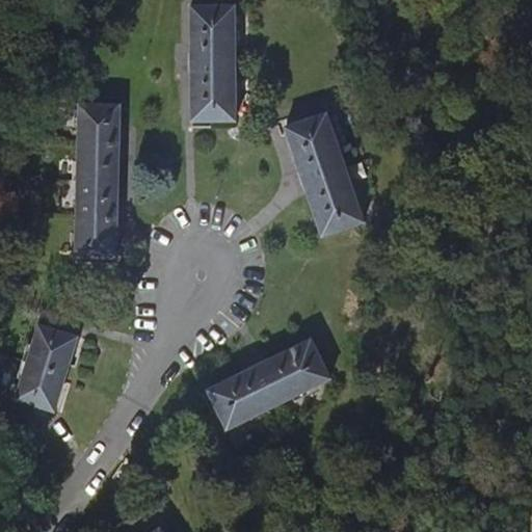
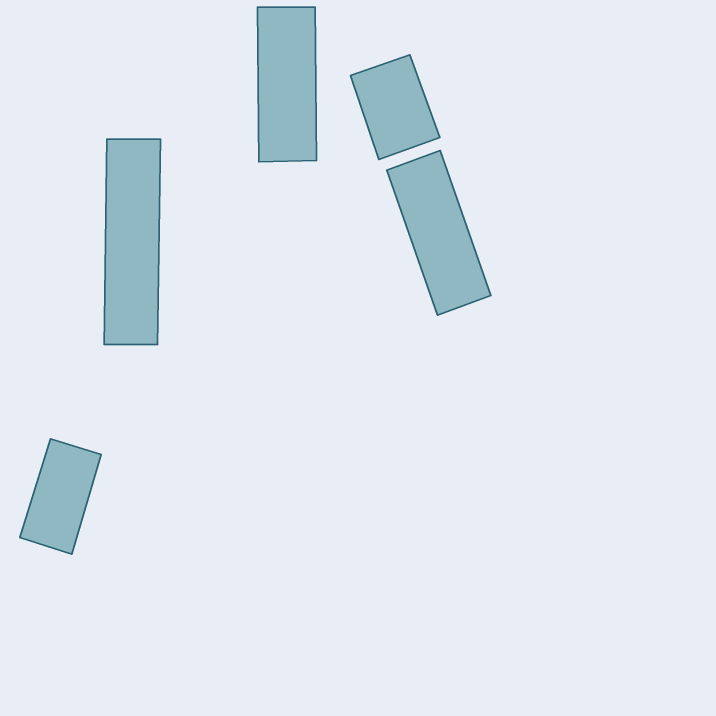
building: none -> [351,55,440,160]
building: [208,341,329,428] -> none

